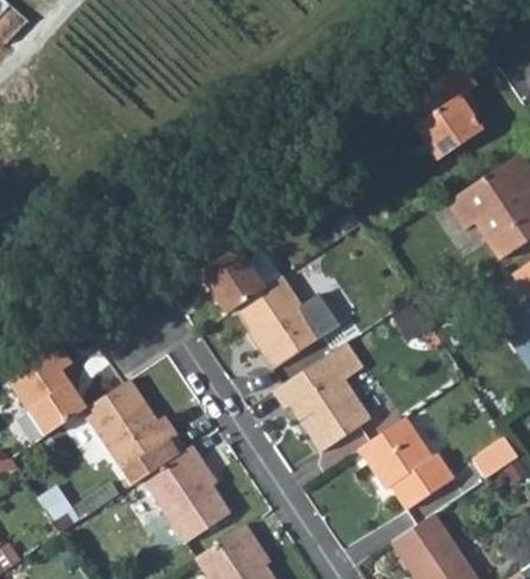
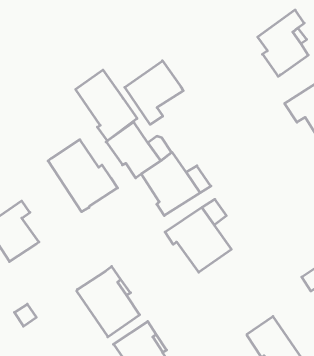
building: none -> [125,61,183,124]
building: none -> [76,70,137,141]
building: [83,379,184,484] -> [48,140,118,212]
building: [359,415,455,507] -> none

